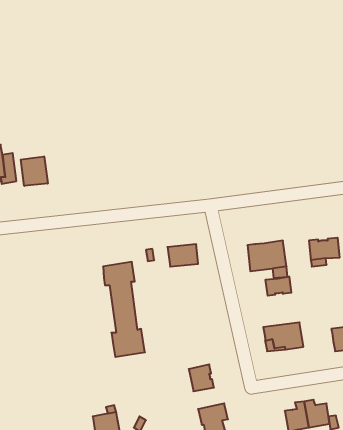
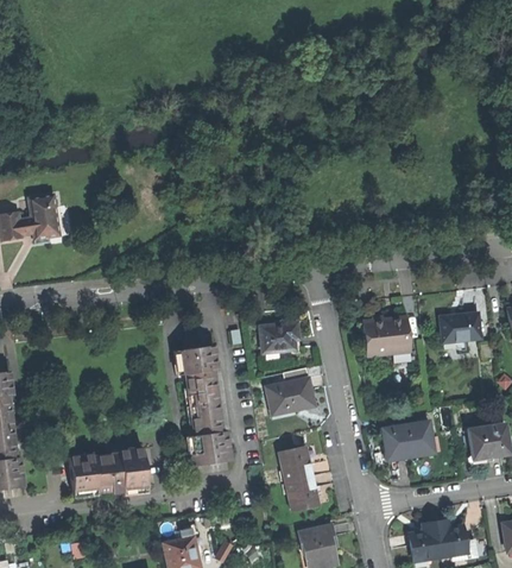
building: [21,156,48,186] -> none
building: [266,277,291,296] -> none
building: none -> [266,377,316,414]
building: none -> [280,447,312,481]
building: none -> [69,449,146,494]

